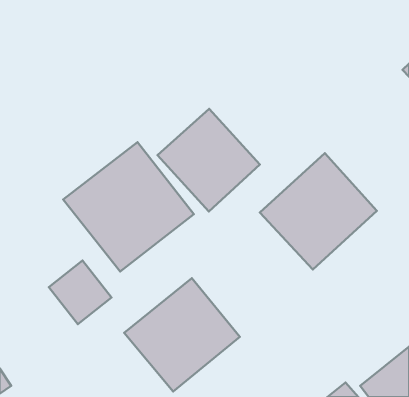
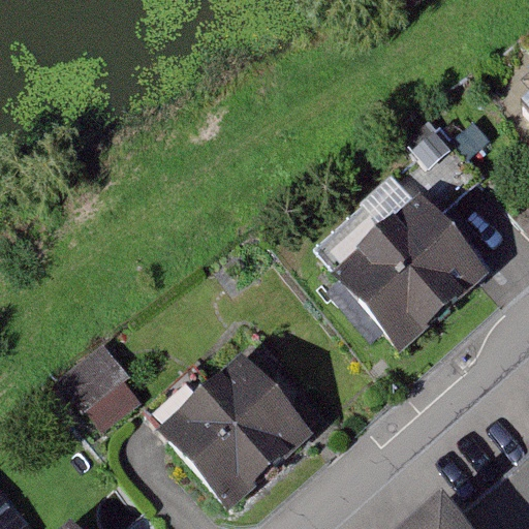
building: [157,109,260,212] -> none
building: [63,142,194,272] -> none

